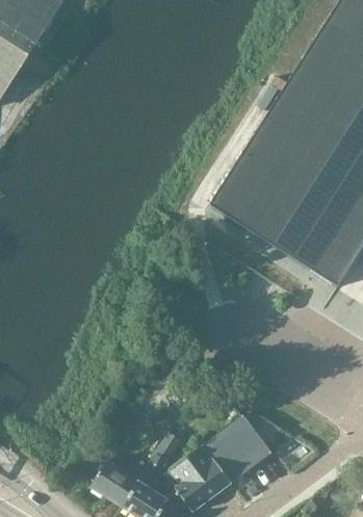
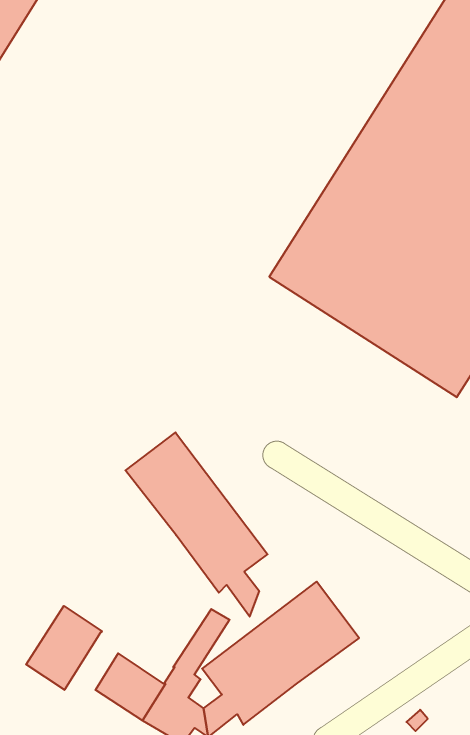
building: none -> [125,432,268,617]
building: none -> [26,606,102,690]

